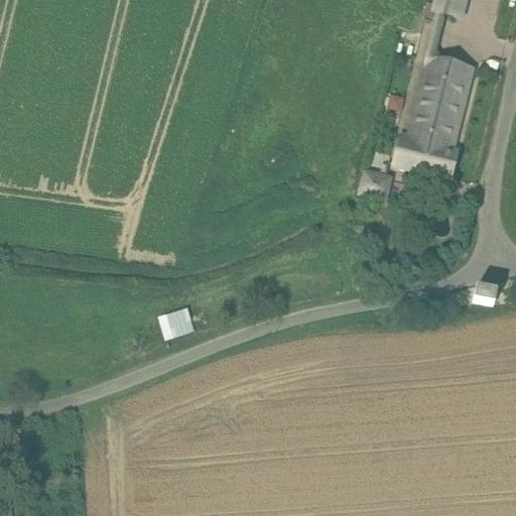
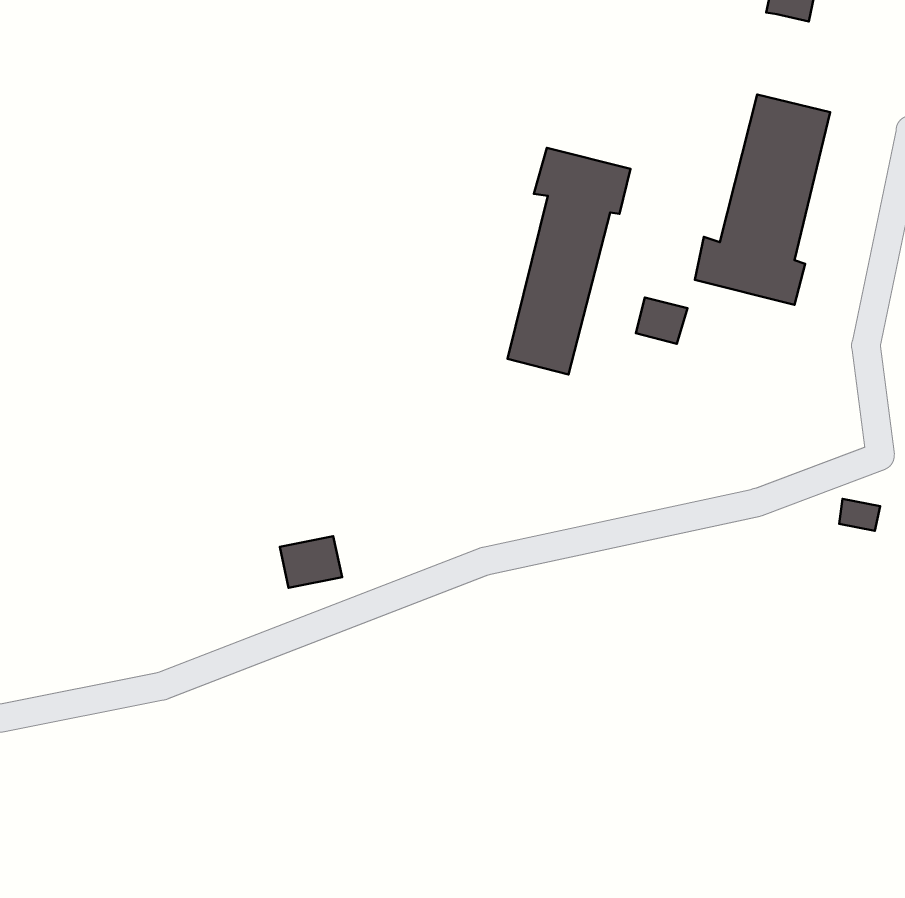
building: none -> [507,148,631,374]

